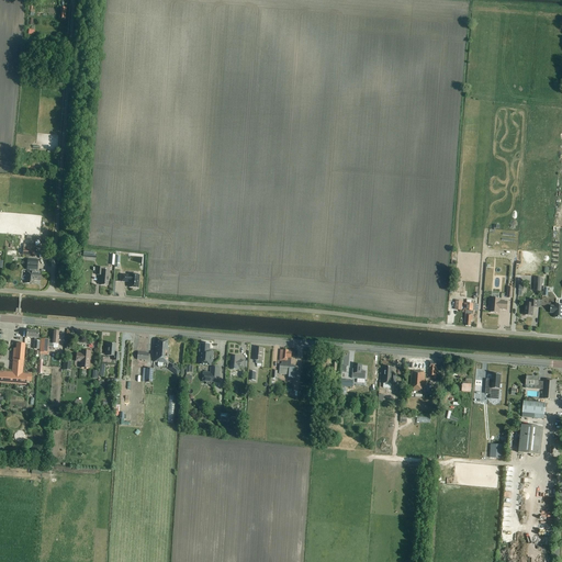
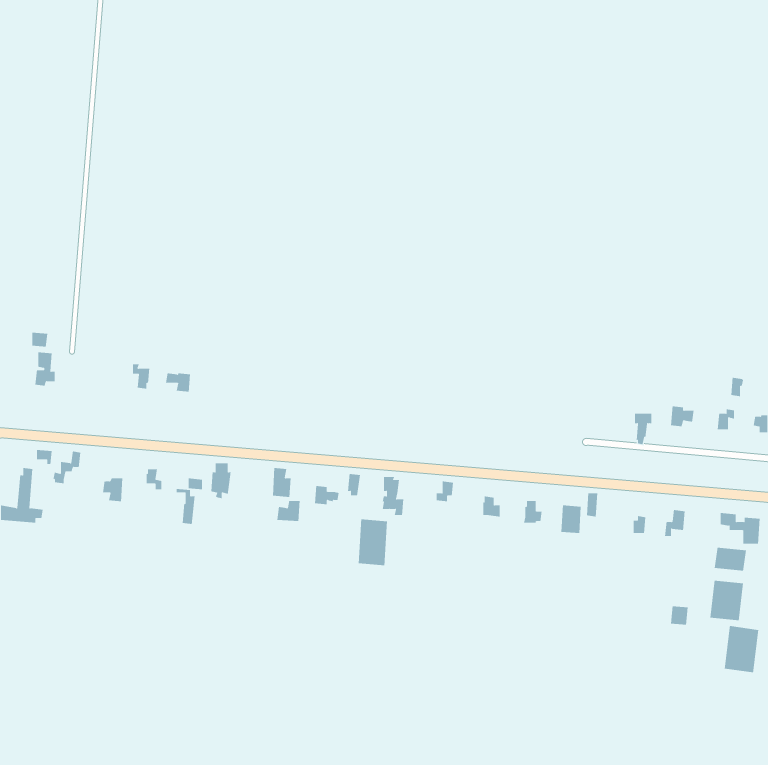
building: none -> [358,519,388,566]
building: none -> [724,625,759,673]

